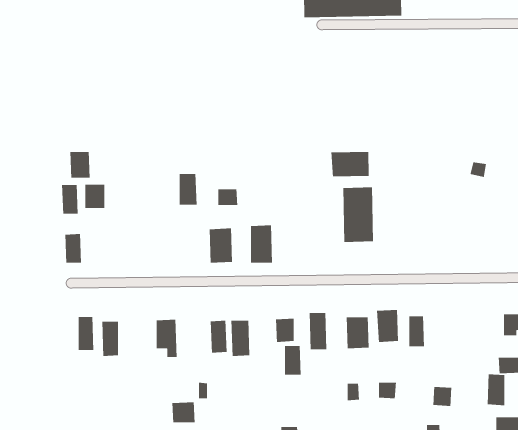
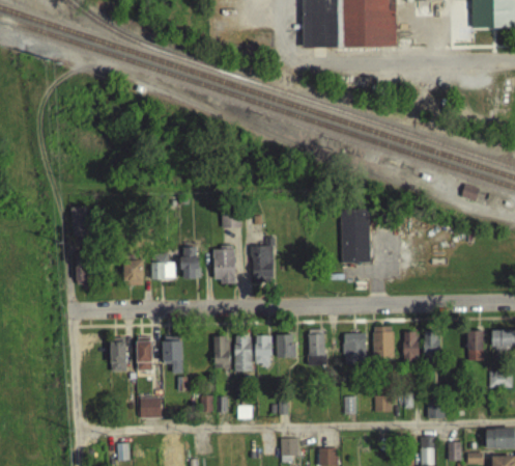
building: [331,151,369,177] -> none
building: [70,151,91,178] -> none
building: [179,173,197,206] -> [181,247,199,278]
building: [85,184,105,209] -> [123,261,143,284]
building: none -> [151,257,174,279]
building: none -> [423,331,440,358]
building: [78,316,94,351] -> [137,337,152,371]
building: [284,345,301,376] -> [255,335,271,364]
building: [487,374,505,406] -> [466,330,484,361]
building: [172,401,195,423] -> [139,396,162,417]

